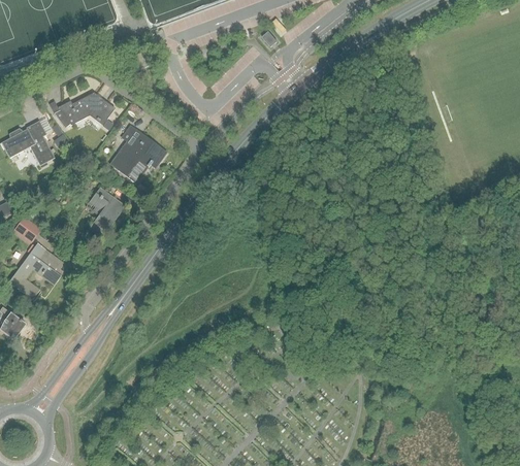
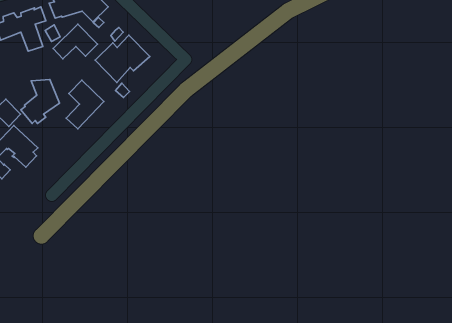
building: none -> [53,24,97,59]
building: none -> [21,80,59,124]

